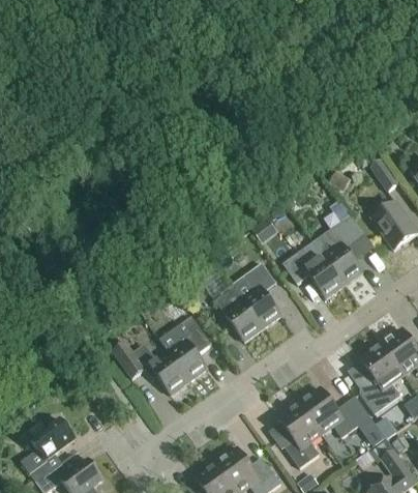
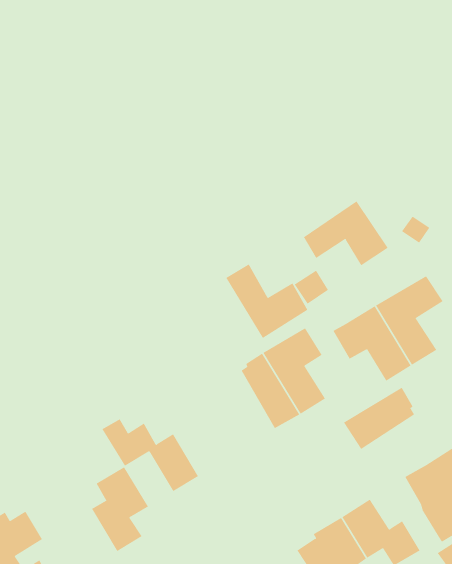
building: none -> [303,200,388,266]
building: none -> [226,263,308,339]
building: none -> [343,387,415,450]
building: [168,315,211,380] -> [91,466,149,552]

